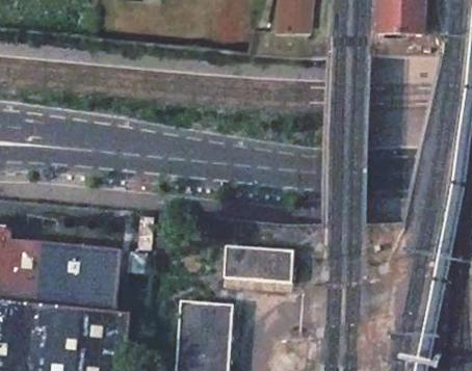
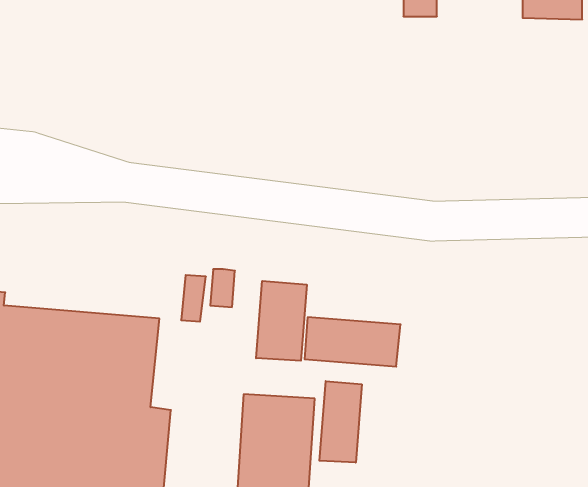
building: none -> [256,281,307,361]
building: none -> [319,381,362,463]

